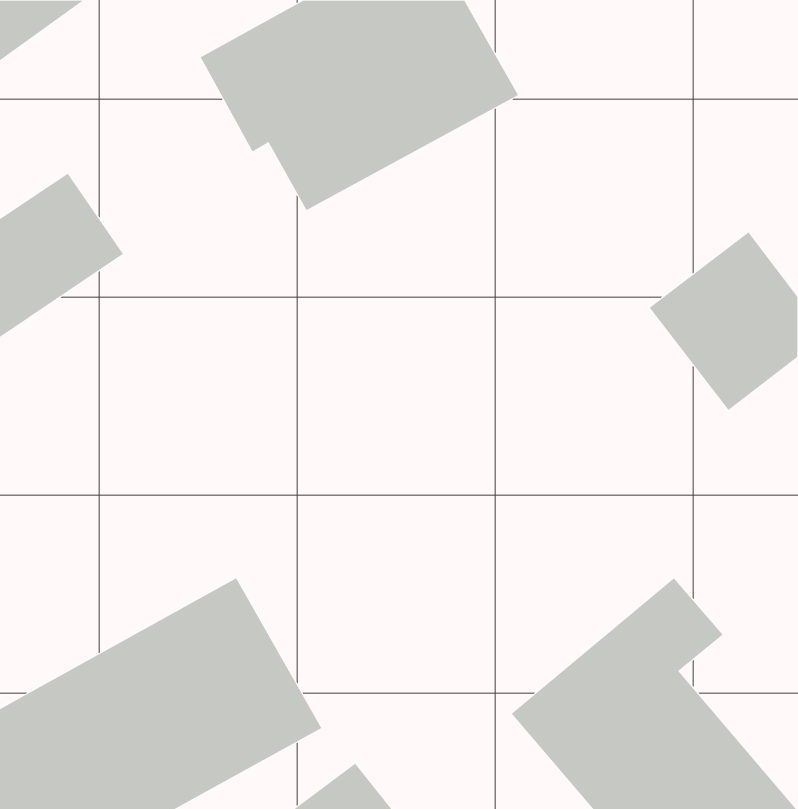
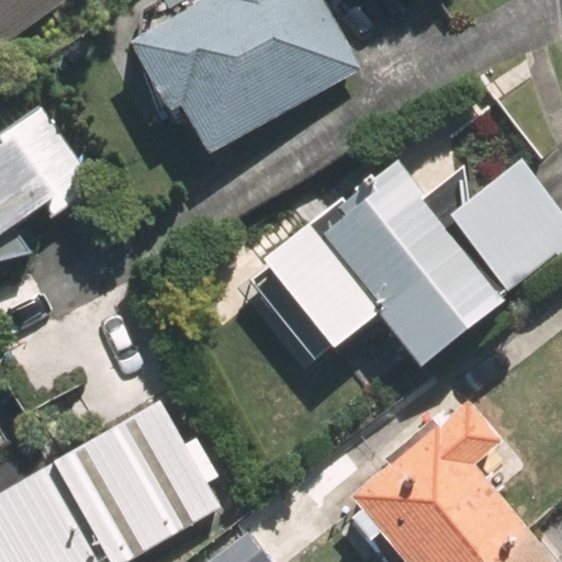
building: none -> [270,161,502,361]

